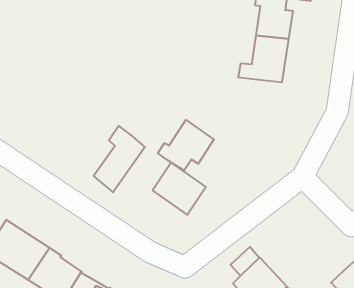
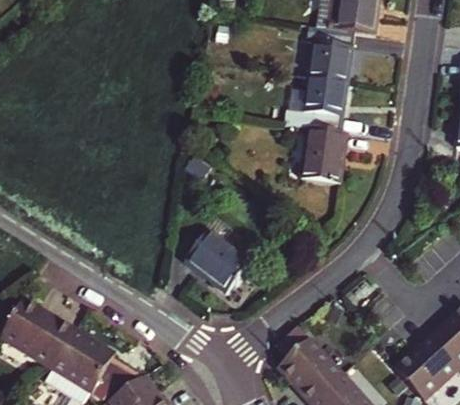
building: none -> [303,127,348,182]
building: [158,120,214,170] -> none
building: [94,126,145,192] -> none

